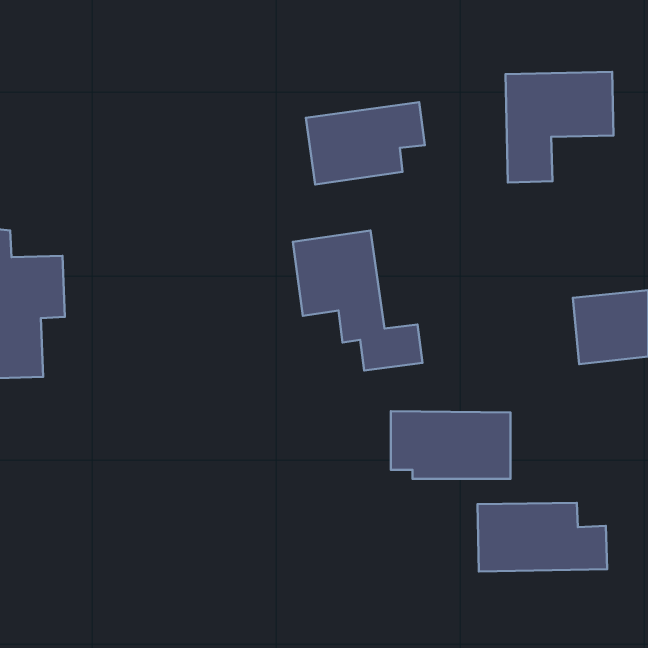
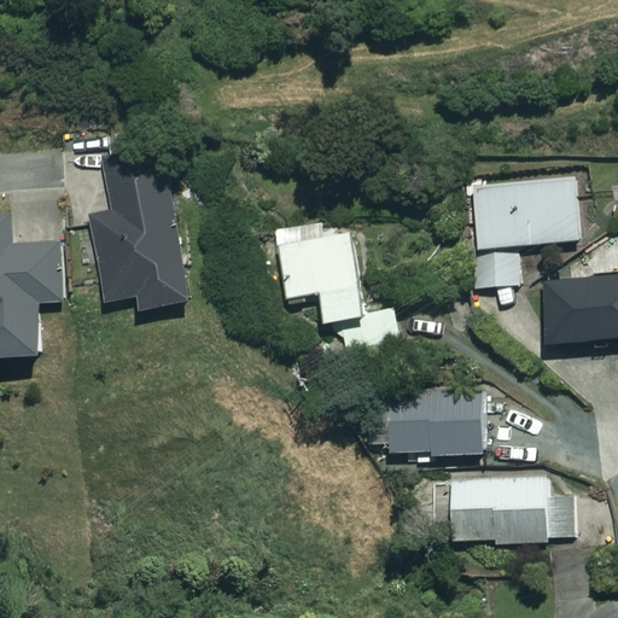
building: [505,72,614,183] -> [474,181,577,286]
building: [306,102,425,185] -> none
building: none -> [92,151,186,311]

